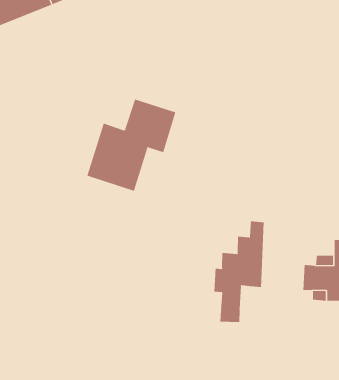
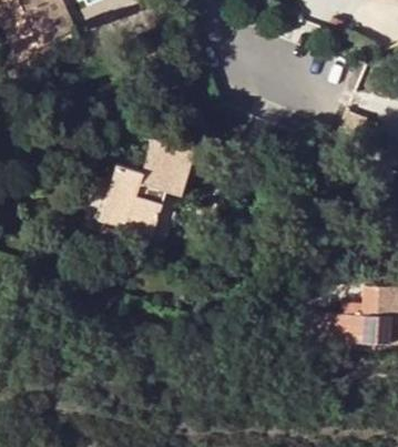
building: [214,220,264,323] -> none

